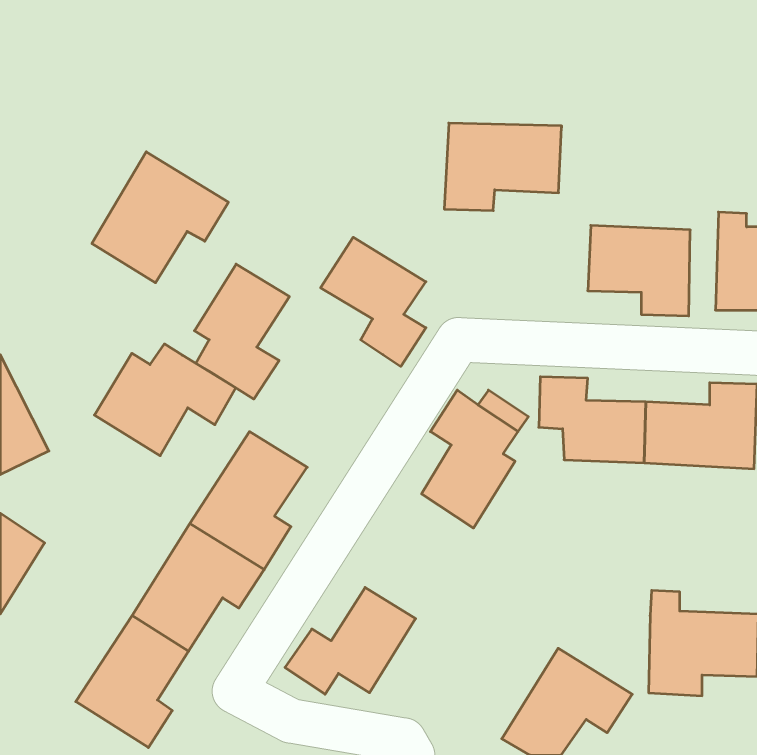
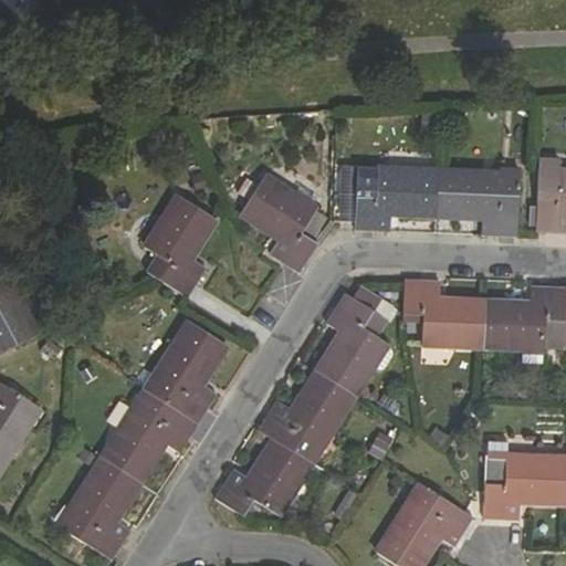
building: [444,123,562,211] -> [354,165,441,230]
building: [92,152,228,283] -> none
building: [94,344,236,456] -> none
building: none -> [259,368,354,461]

